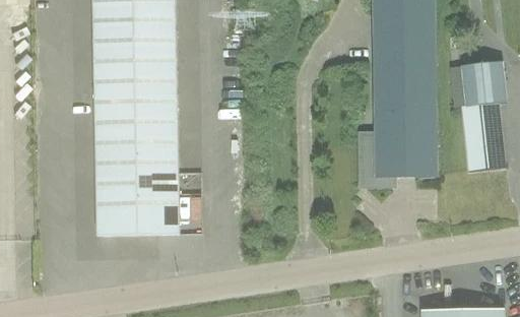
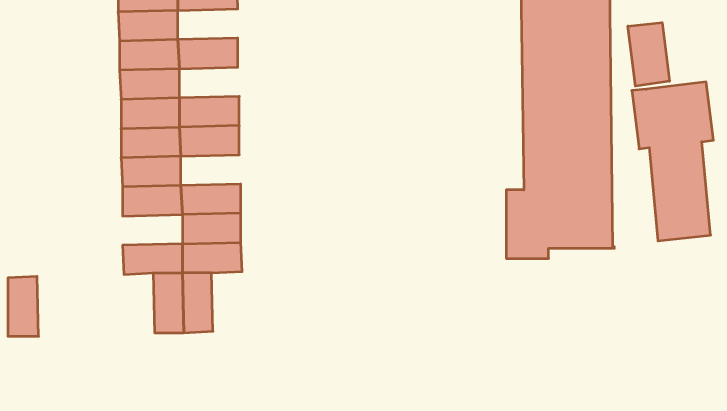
building: [134,10,176,31] -> none
building: none -> [628,23,669,86]
building: [135,51,177,72] -> none
building: [136,112,178,133] -> none
building: [95,153,137,175] -> none
building: [157,193,180,235] -> none
building: [96,194,118,236] -> [8,276,39,336]

